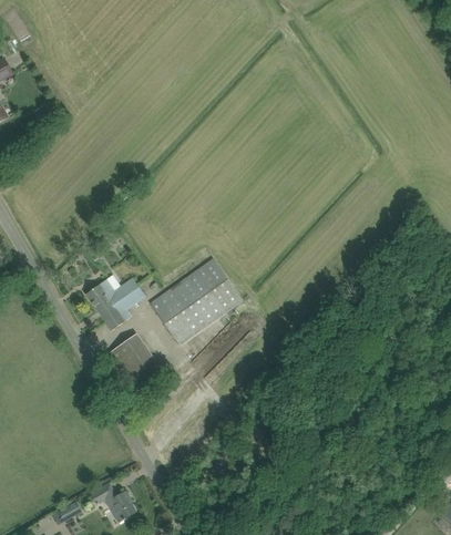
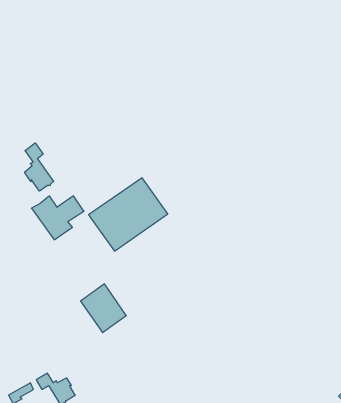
building: none -> [25,143,54,191]
building: [107,333,161,390] -> [81,284,126,333]

